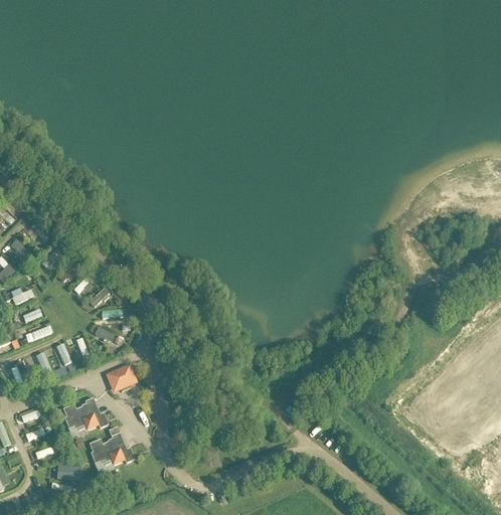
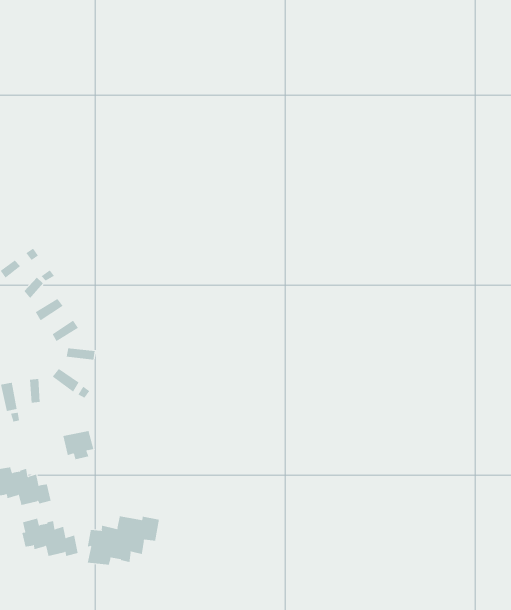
building: none -> [87,516,159,566]

